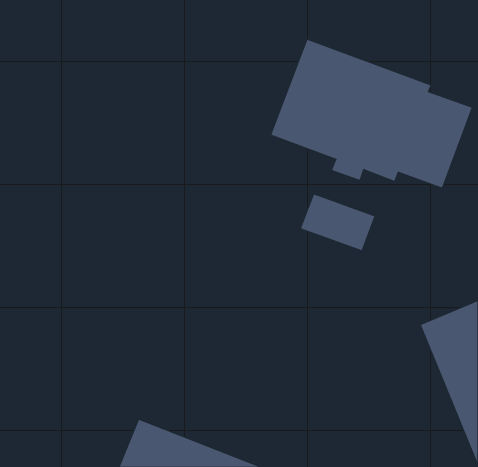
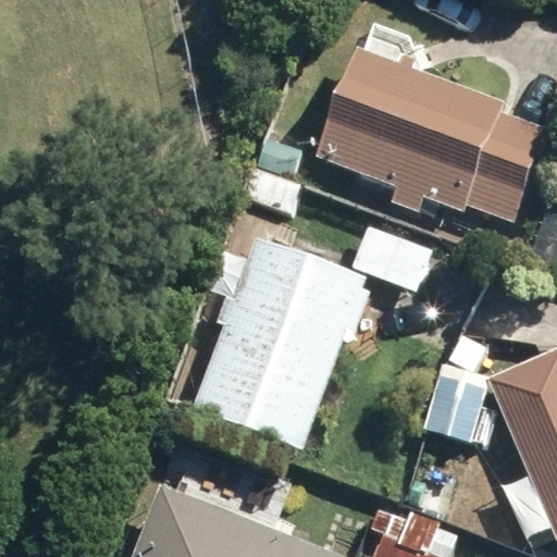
building: none -> [190,239,372,451]

